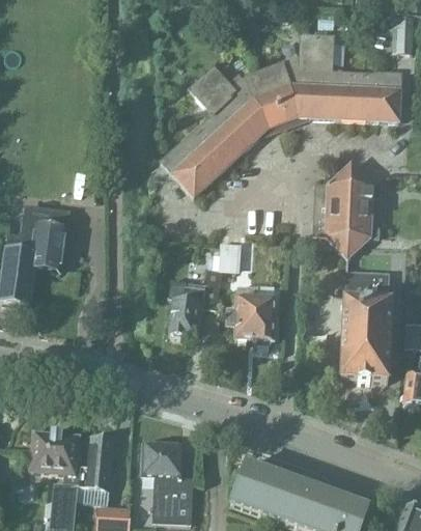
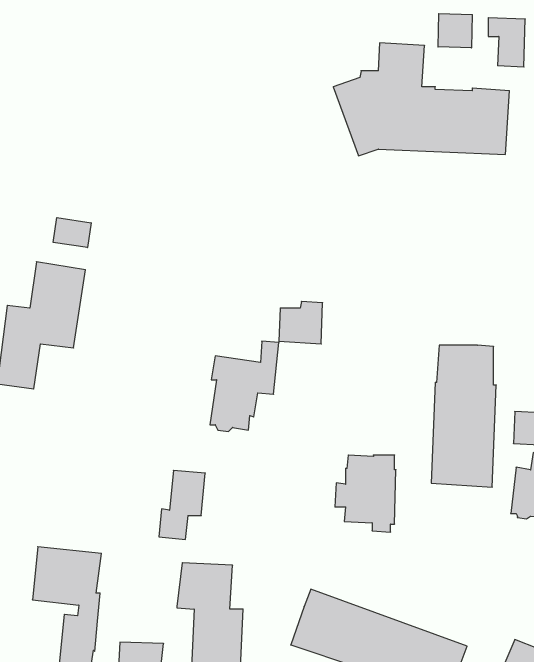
building: none -> [438,14,472,48]
building: [160,66,283,197] -> none
building: [314,164,383,260] -> none
building: none -> [53,218,91,248]
building: [227,286,275,346] -> [335,455,396,532]
building: [79,436,115,490] -> [159,470,205,539]

